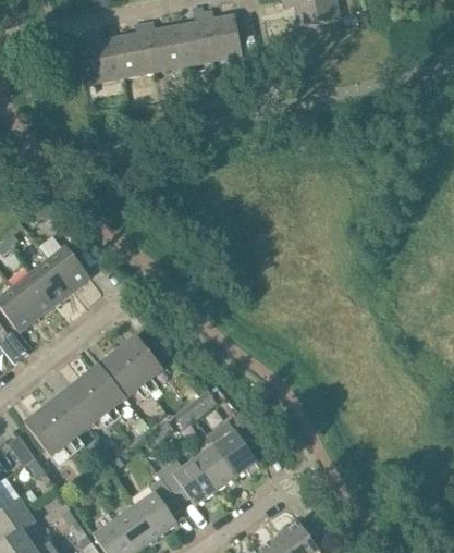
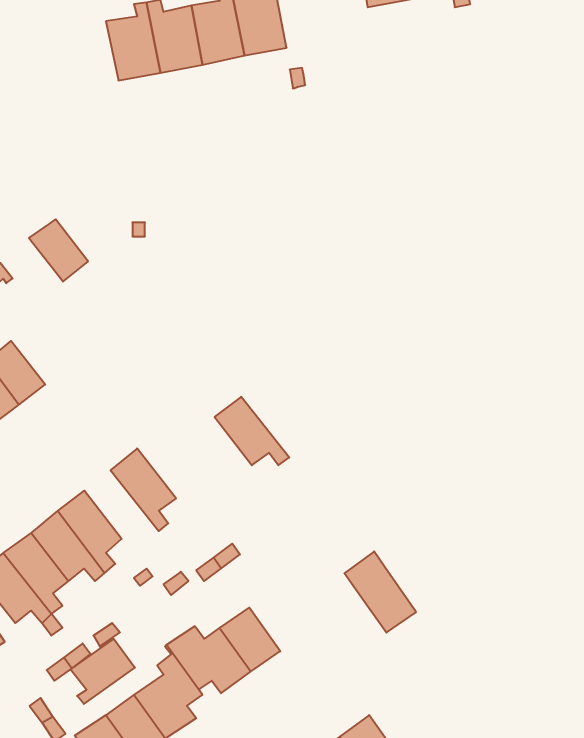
building: [84,32,123,83] -> none
building: [48,246,89,290] -> [29,219,88,282]
building: [99,349,151,397] -> [215,397,289,465]
building: [207,419,257,476] -> [344,551,416,633]
building: none -> [70,639,135,704]

